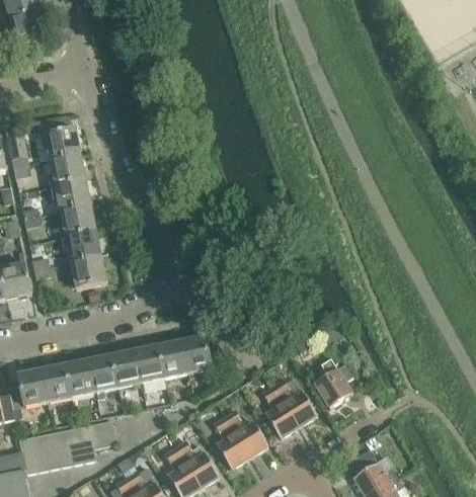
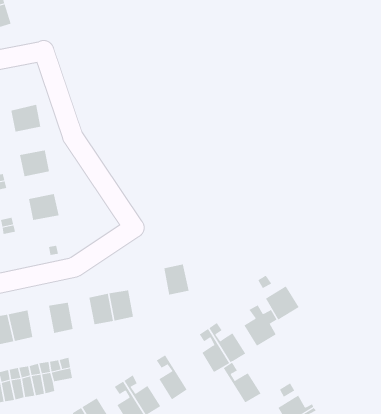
building: [49,153,84,185] -> none
building: [59,204,94,236] -> none
building: [69,255,105,287] -> none
building: [180,336,211,372] -> [163,264,190,295]
building: none -> [265,286,300,320]
building: [110,350,140,387] -> none
building: [64,359,93,396] -> none
building: [223,409,267,457] -> [223,362,261,403]

